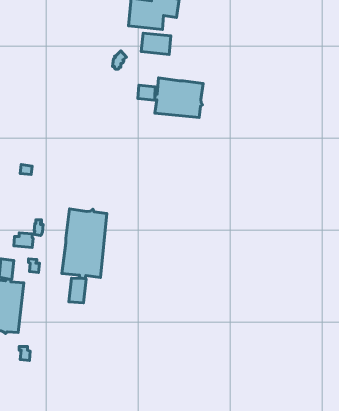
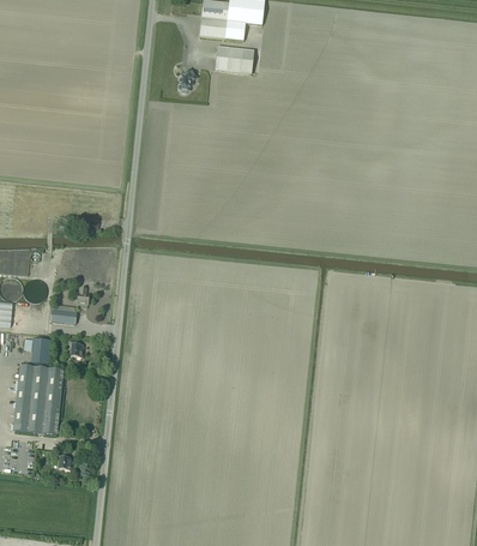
building: [138,78,203,118] -> none
building: [62,209,107,303] -> none

